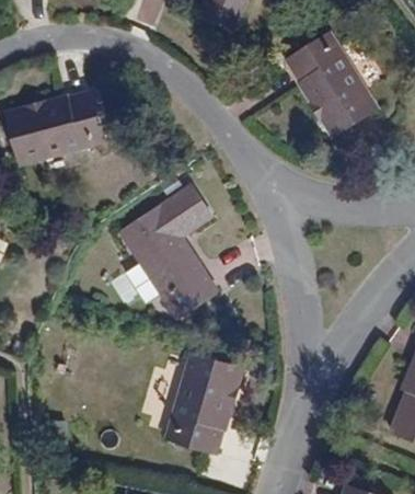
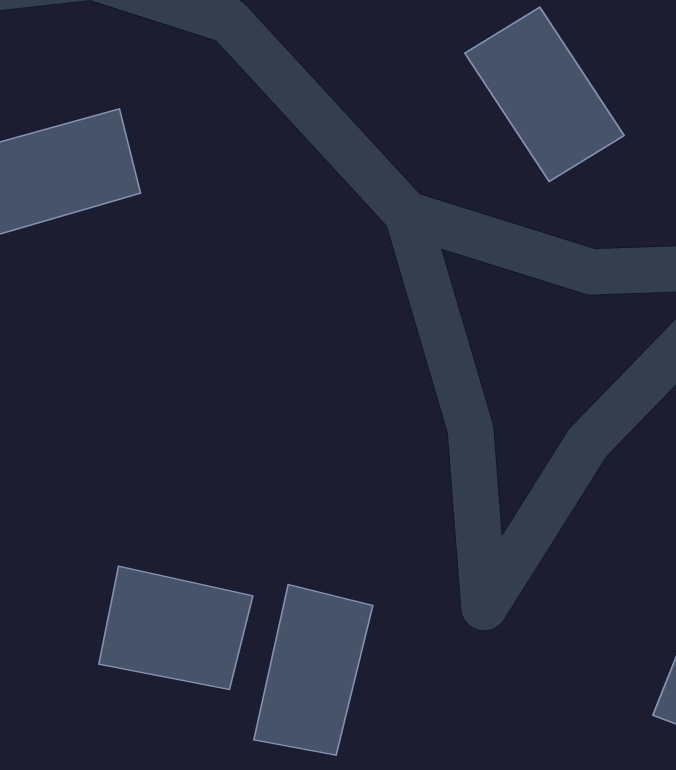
building: [120,193,214,322] -> none
building: none -> [99,566,253,690]

